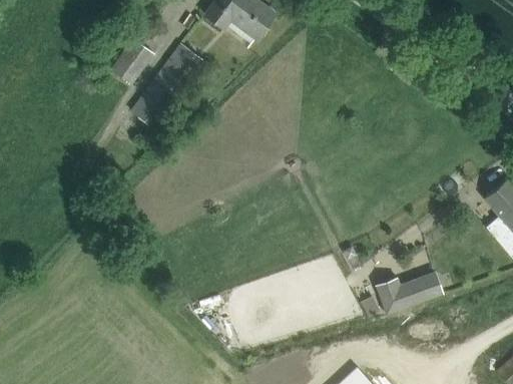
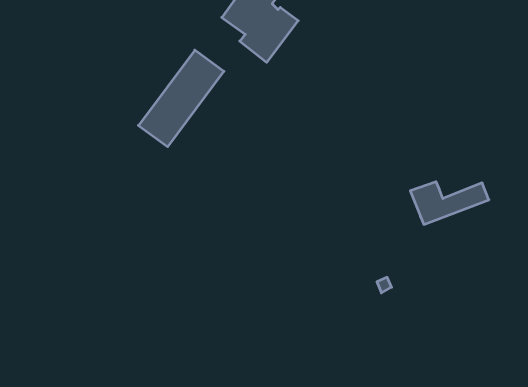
building: [110,40,152,86] -> none
building: [373,279,443,317] -> [410,182,489,224]

